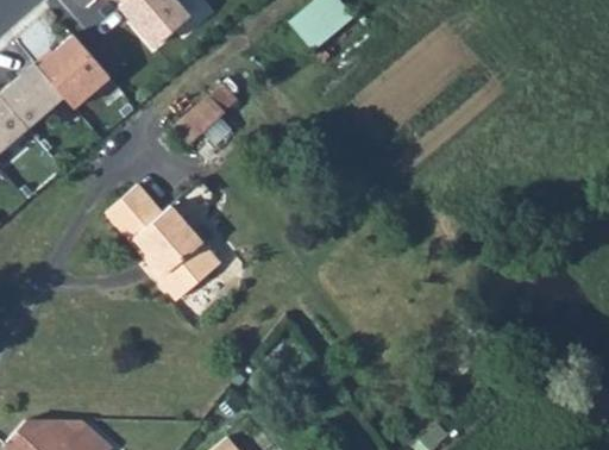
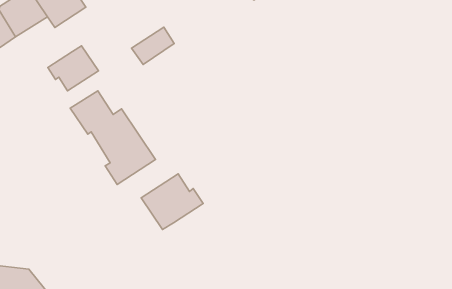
building: none -> [48,46,98,91]
building: none -> [141,174,203,230]

